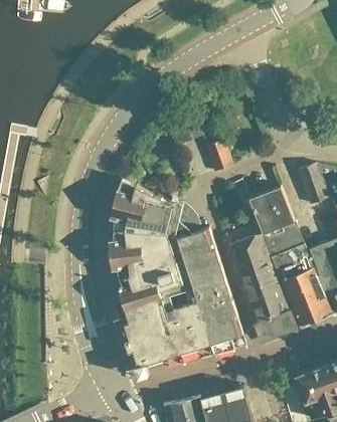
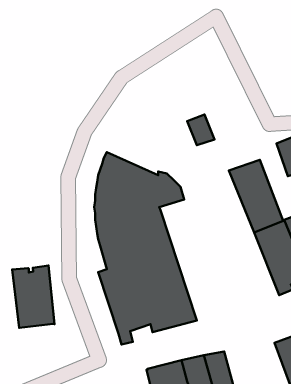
building: [176,227,247,355] -> none
building: [227,233,298,342] -> none
building: none -> [12,266,55,328]

